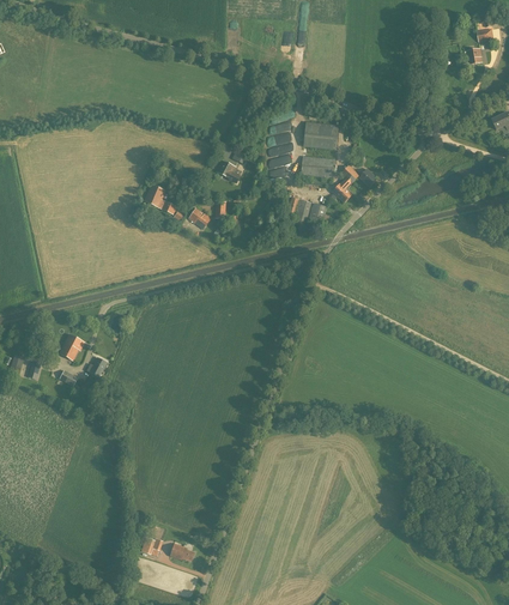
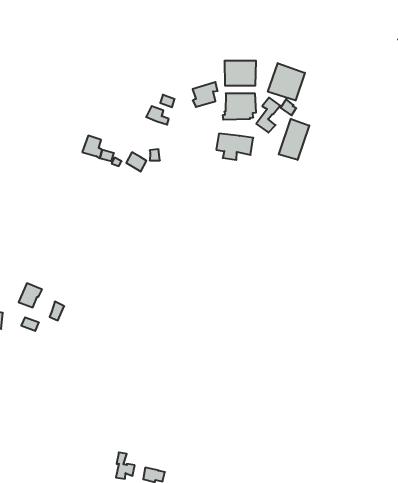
building: none -> [268,63,305,100]
building: none -> [279,119,309,160]

